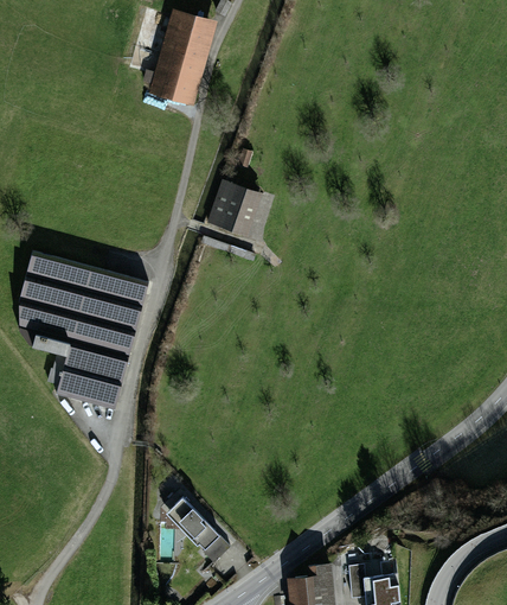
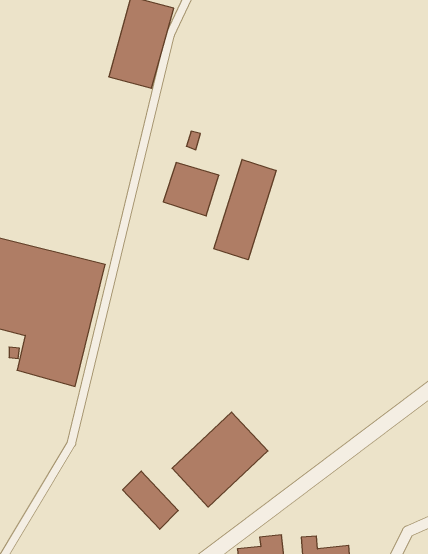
building: none -> [214,159,276,260]
building: none -> [172,412,268,507]

